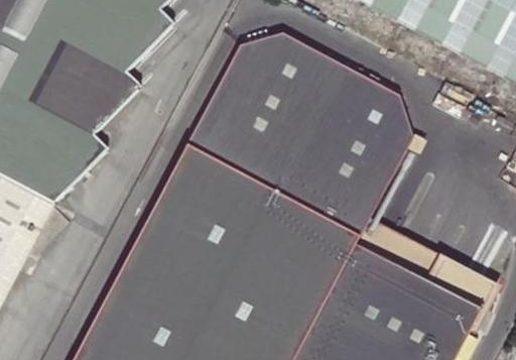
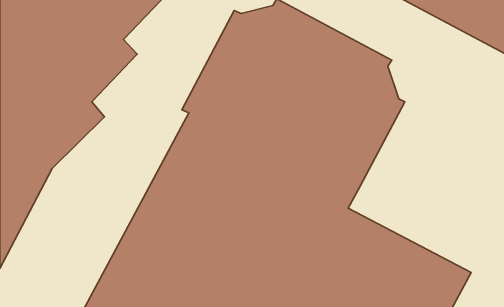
building: [355,221,492,309] -> none

